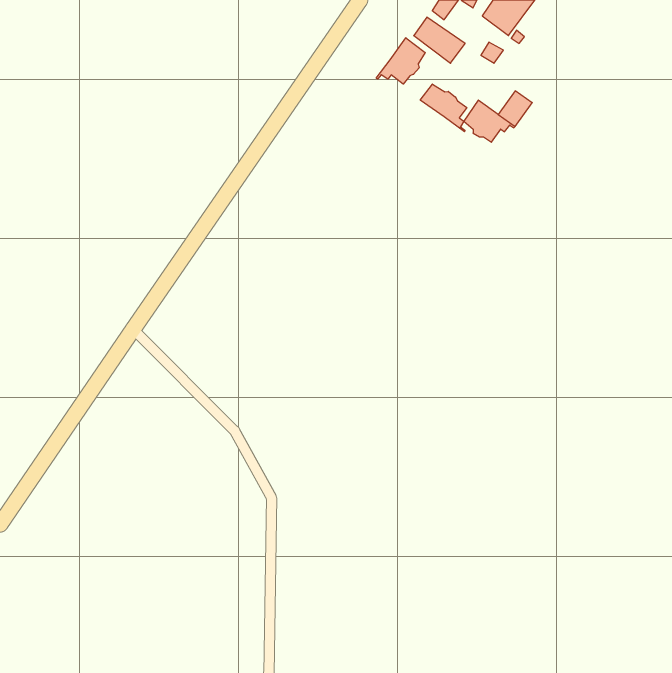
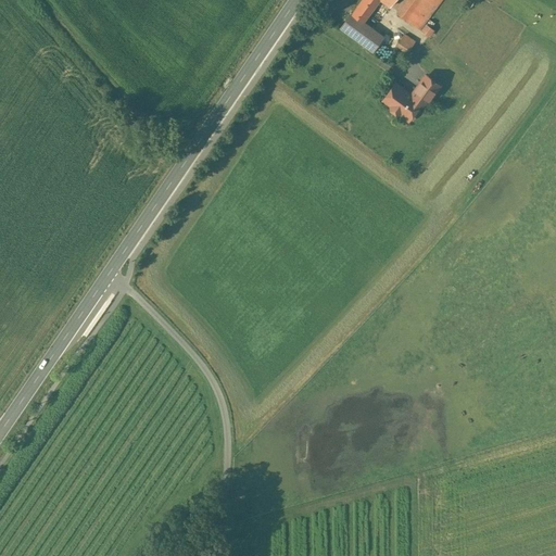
building: [376,38,425,84] -> none
building: [420,84,467,132] -> none

